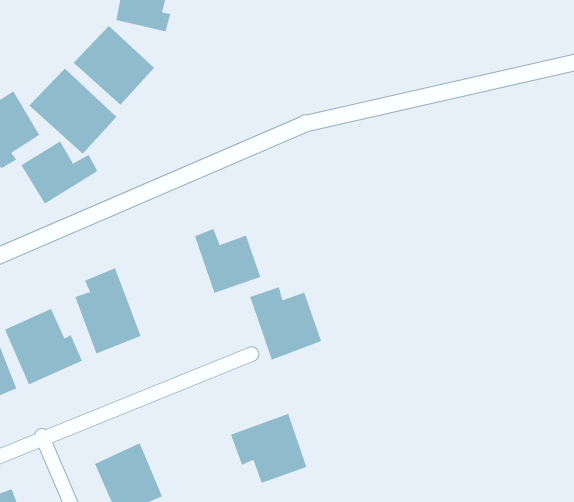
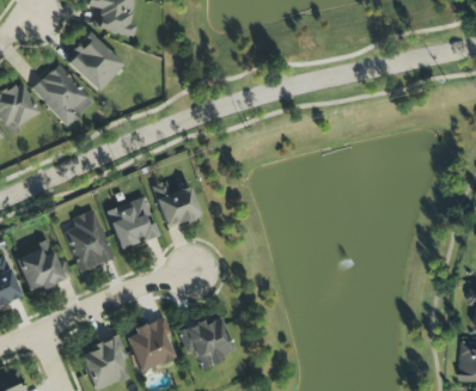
building: [20,140,98,204] -> none
building: none -> [106,196,159,249]
building: [250,287,322,360] -> none
building: none -> [124,318,176,373]

